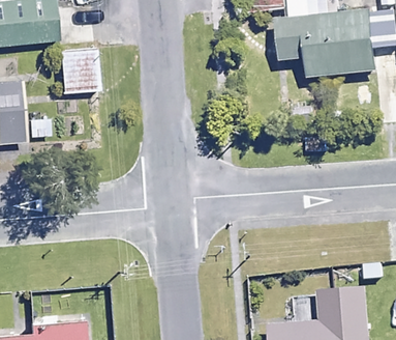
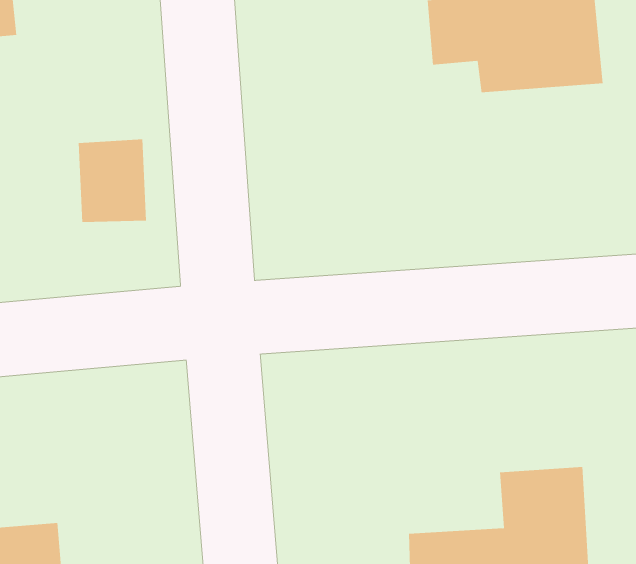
building: [60,47,98,93] -> [78,139,147,223]

